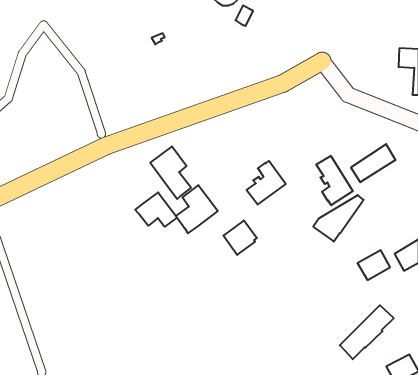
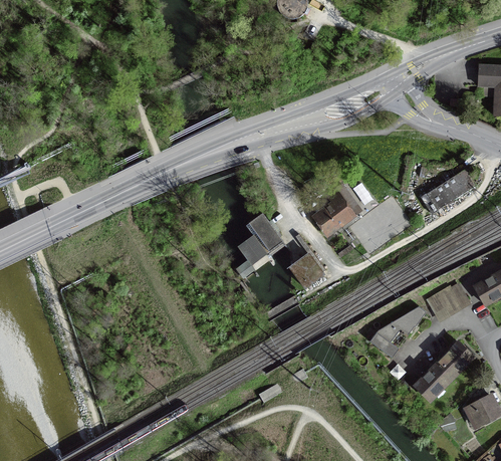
building: [150,146,191,199] -> none
building: [316,156,353,205] -> none
building: [135,192,177,227] -> none
building: [313,195,364,242] -> [369,306,424,357]

